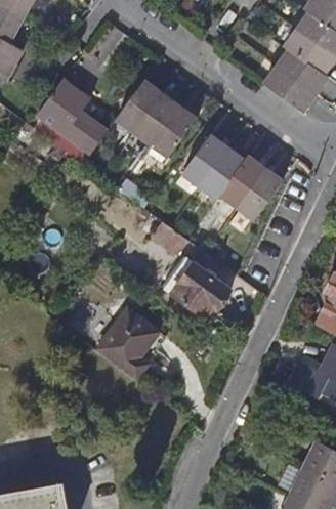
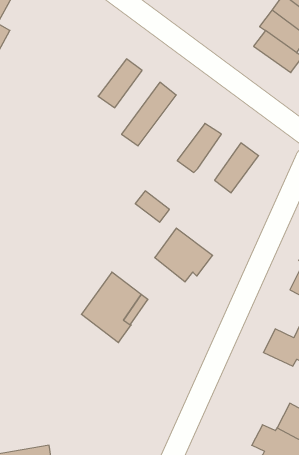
building: [264,67,317,113] -> none
building: [37,79,107,153] -> none
building: [121,92,179,159] -> none
building: [180,135,226,186] -> none
building: [219,155,264,207] -> none

